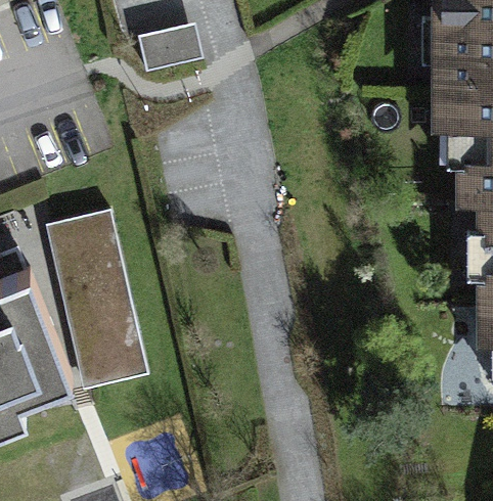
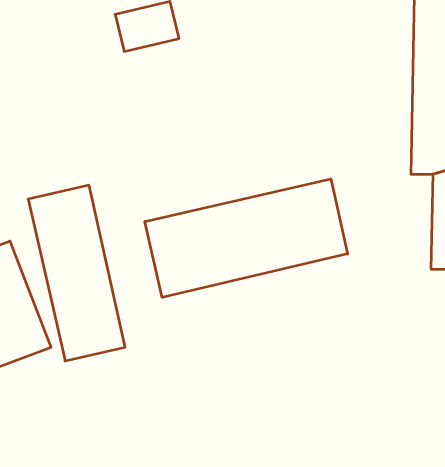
building: none -> [145,179,348,297]

